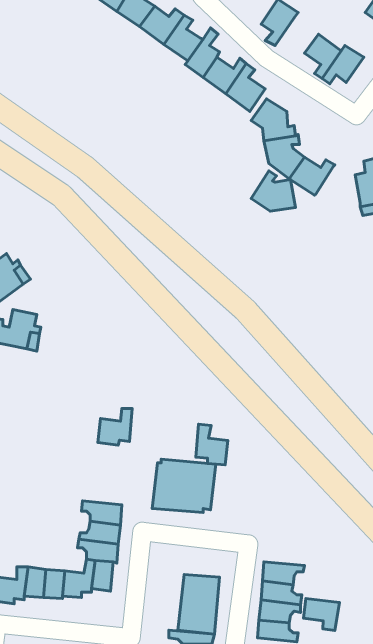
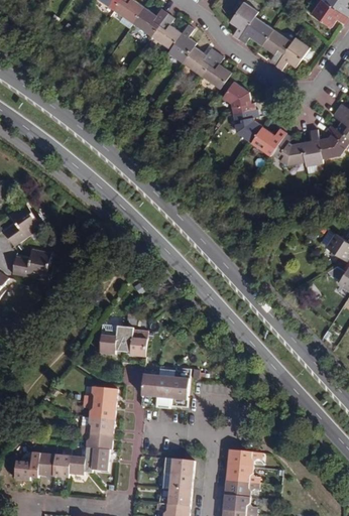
building: none -> [239,14,273,42]
building: [251,171,295,211] -> [271,132,307,164]
building: [196,424,228,465] -> [123,325,148,357]
building: none -> [86,383,119,401]
building: [304,598,340,630] -> none

